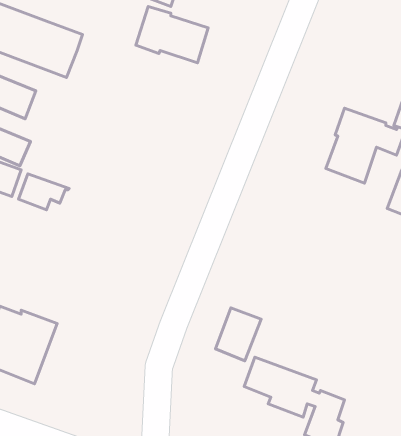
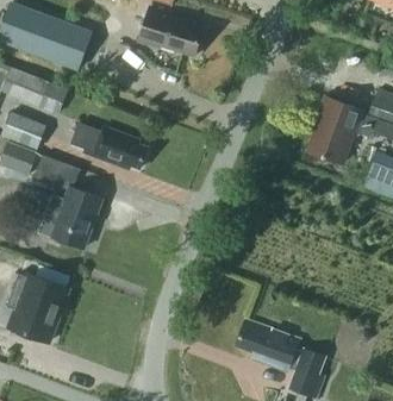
building: none -> [71,123,148,170]
building: none -> [39,187,101,248]
building: [216,308,261,361] -> none

